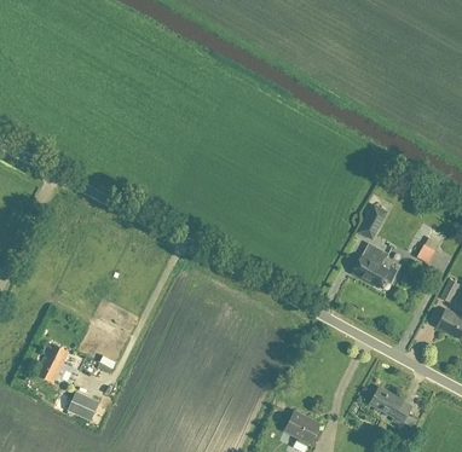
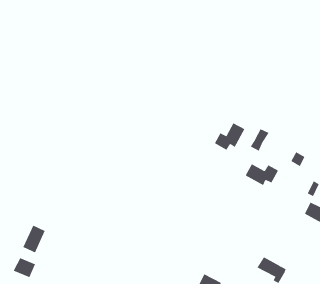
building: none -> [214,123,245,150]
building: [67,392,99,421] -> [13,257,36,278]

